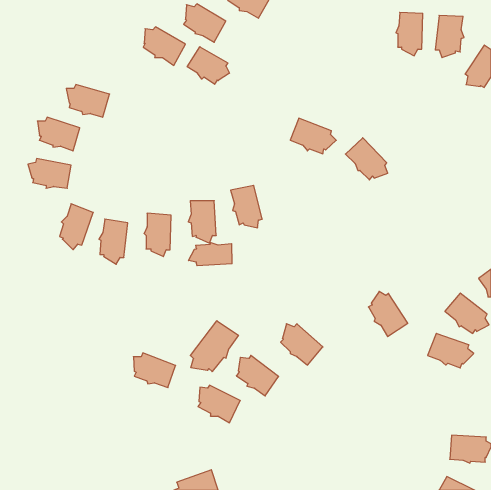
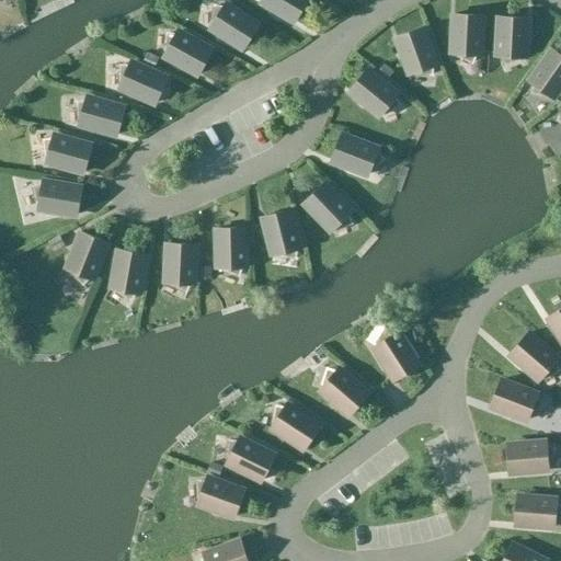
building: none -> [397,27,437,76]
building: [187,47,229,84] -> none
building: none -> [119,60,167,102]
building: none -> [350,69,400,115]
building: [345,138,388,180] -> [304,183,352,231]
building: [189,243,232,266] -> none
building: [368,291,408,337] -> [374,331,419,382]
building: [190,321,238,372] -> none
building: [133,353,176,388] -> [188,477,237,516]
building: none -> [505,443,554,474]

